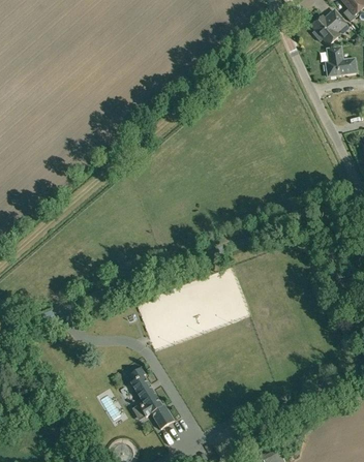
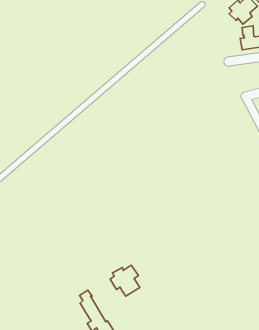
building: none -> [110,265,140,296]

